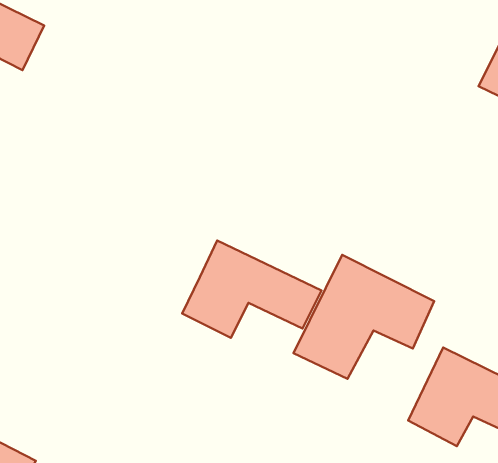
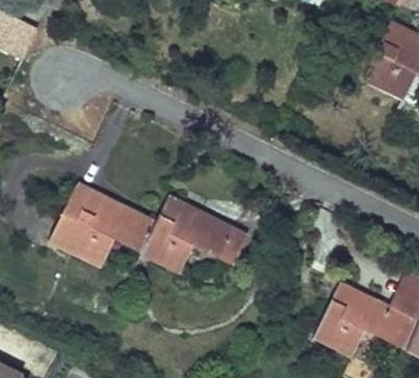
building: none -> [50,187,155,268]
building: [293,255,434,379] -> none

